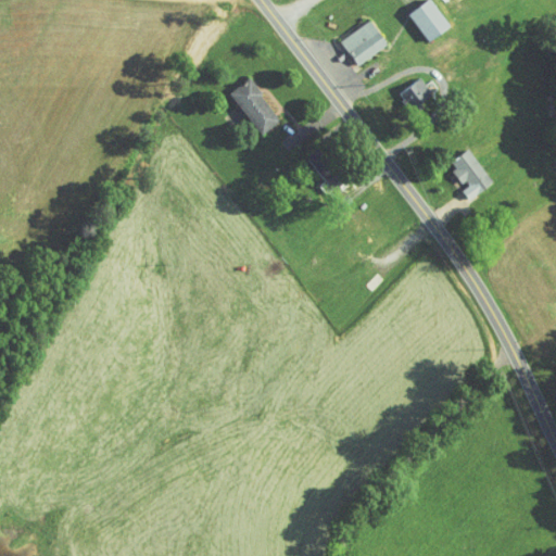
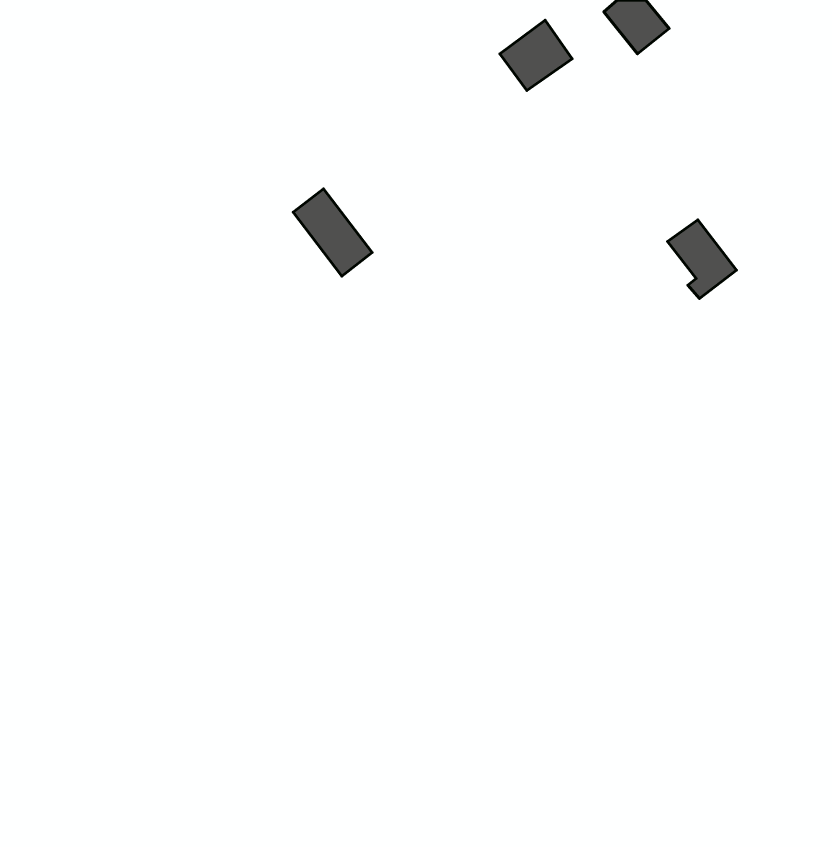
building: [229,78,280,135] -> [293,189,372,276]
building: [399,78,433,113] -> none

